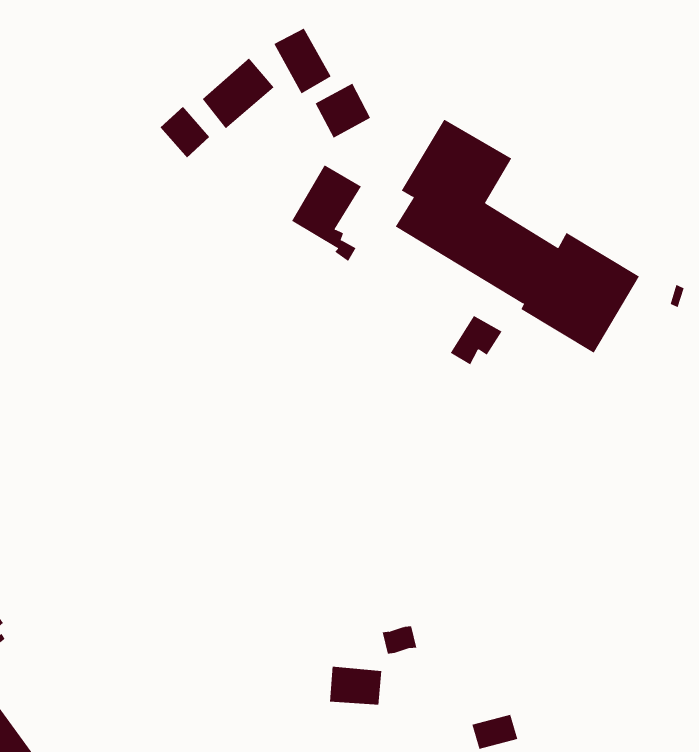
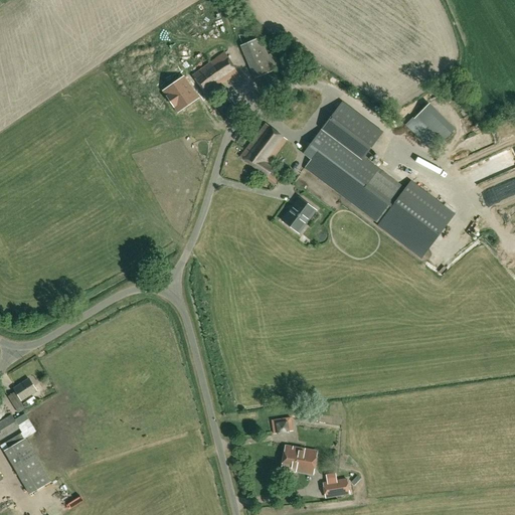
building: [315,83,371,139] -> none
building: none -> [413,103,455,144]
building: [450,315,503,365] -> [282,197,316,228]
building: [329,666,382,705] -> [282,445,317,472]

